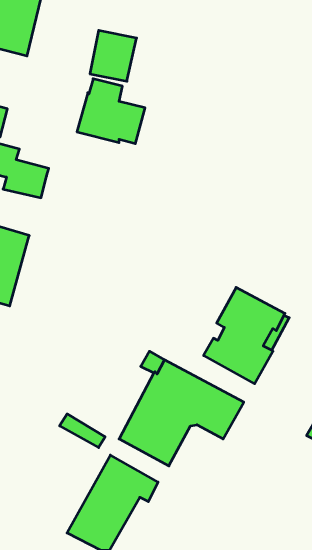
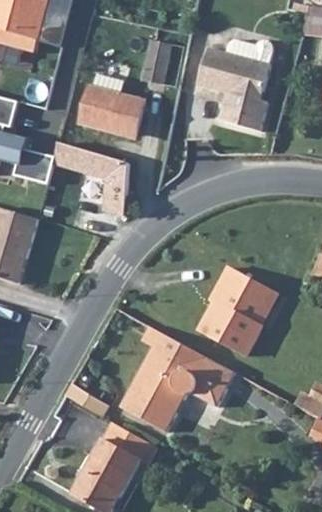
building: [90,30,137,81] -> [141,39,184,86]
building: none -> [197,38,273,130]
building: none -> [53,142,128,216]

